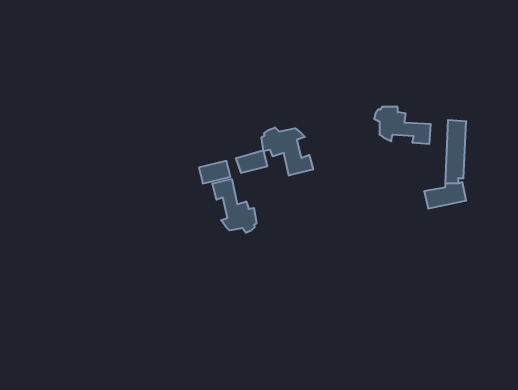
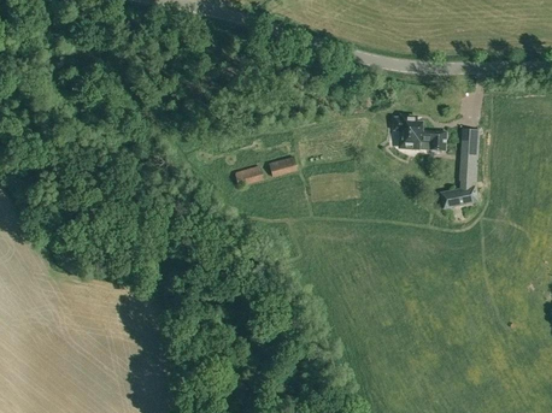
building: [262,127,313,176] -> none
building: [212,179,256,233] -> none

